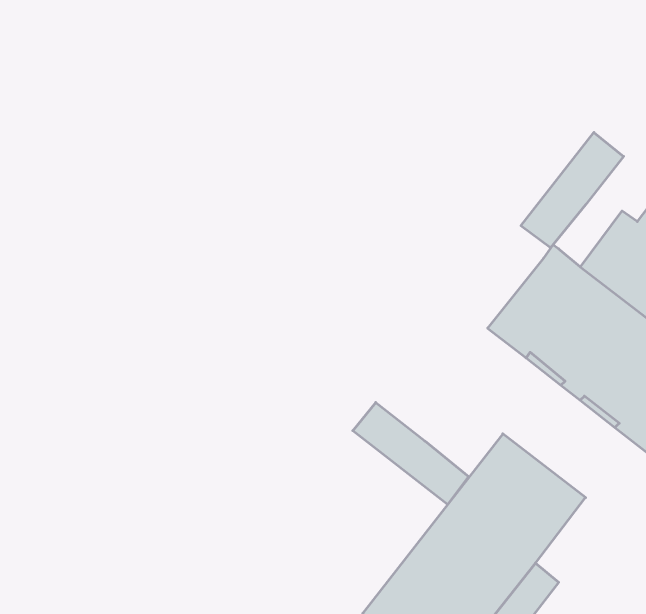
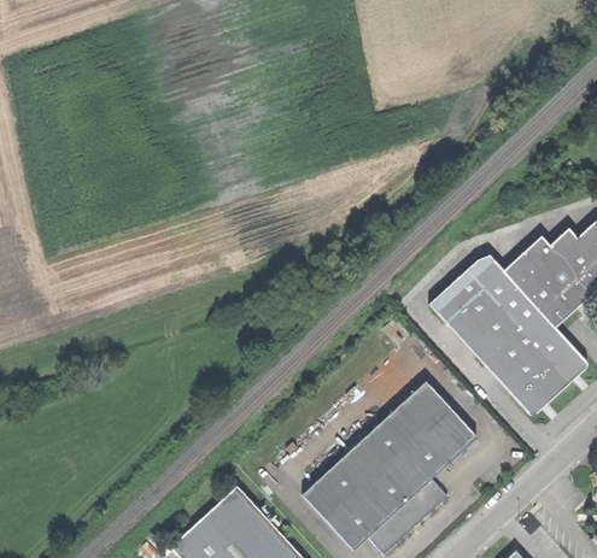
building: [521,132,624,248] -> none
building: [353,402,469,505] -> none

